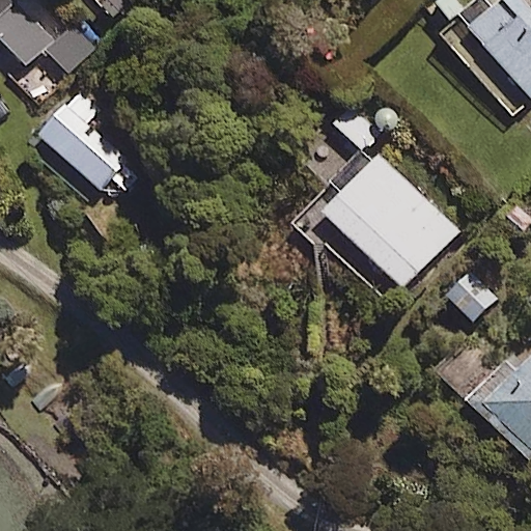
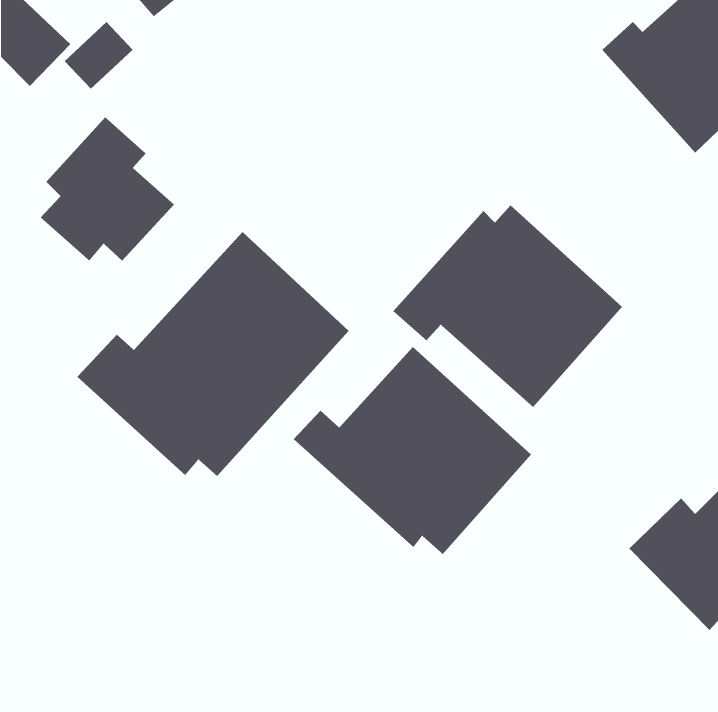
building: none -> [77,231,349,477]
building: none -> [293,346,532,555]

